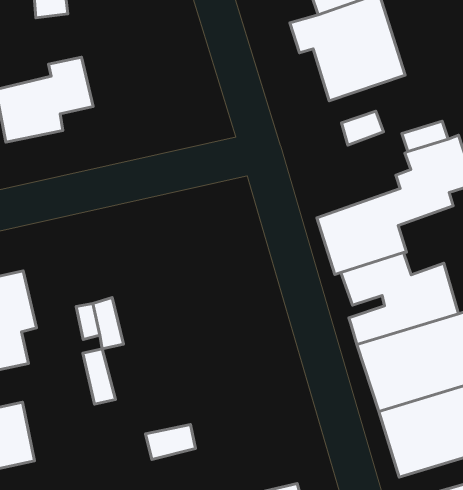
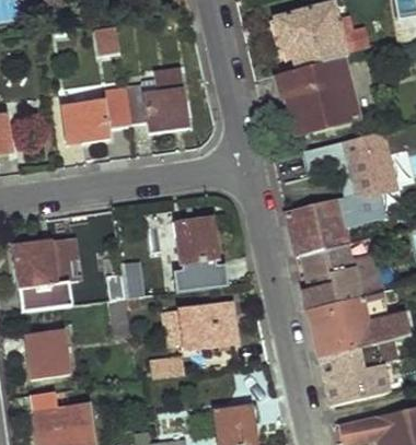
building: none -> [126,68,188,132]
building: none -> [162,215,234,277]
building: none -> [178,300,239,347]

